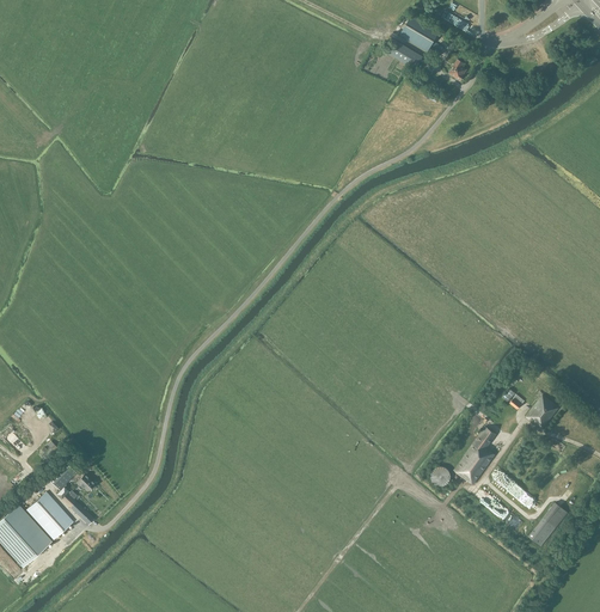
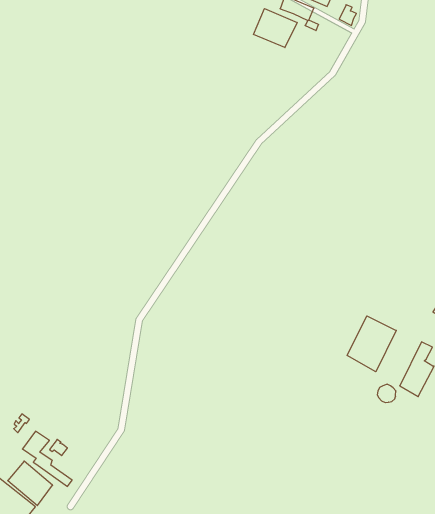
building: none -> [254,9,297,48]
building: none -> [347,316,396,372]

